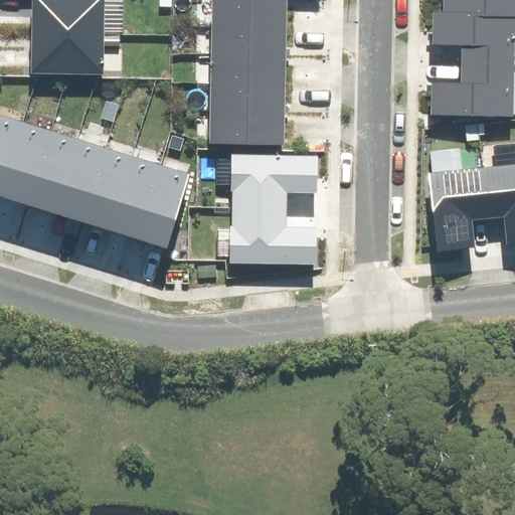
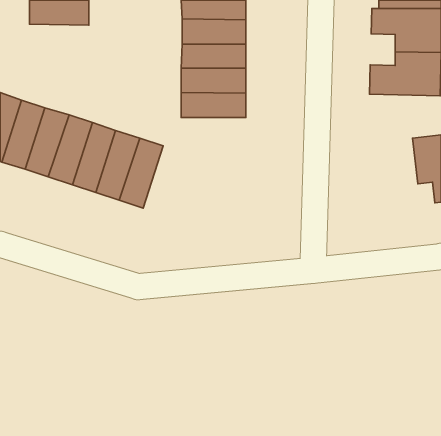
building: [33,34,104,74] -> none
building: [224,147,314,256] -> none
building: [431,167,487,249] -> none

